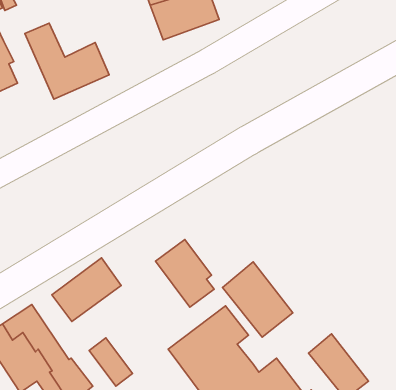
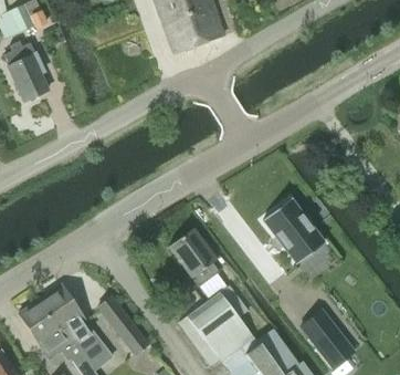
building: [25,23,109,99] -> none
building: [52,258,121,322] -> none
building: [223,262,293,337] -> [263,197,324,262]

